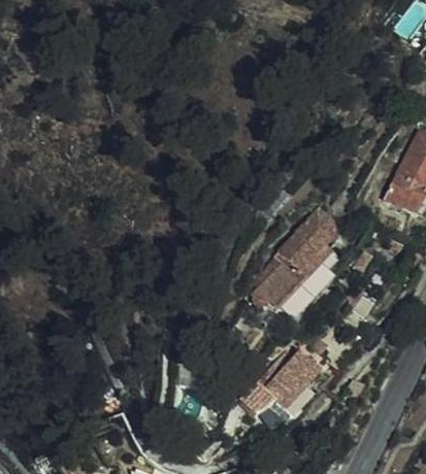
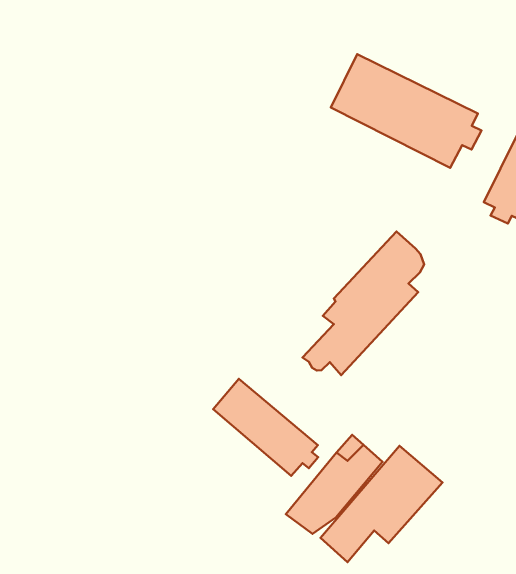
building: none -> [331,54,481,168]
building: none -> [213,379,318,476]

